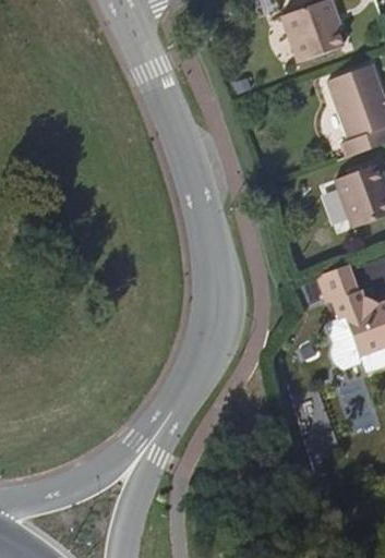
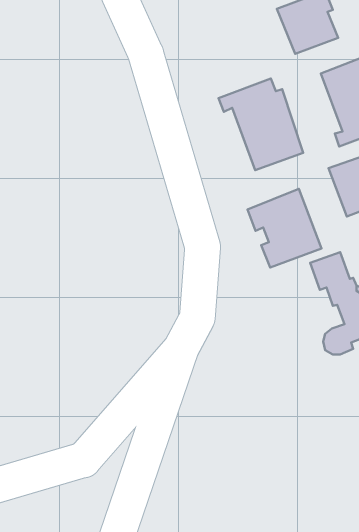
building: none -> [218,79,303,170]
building: none -> [248,189,321,267]

